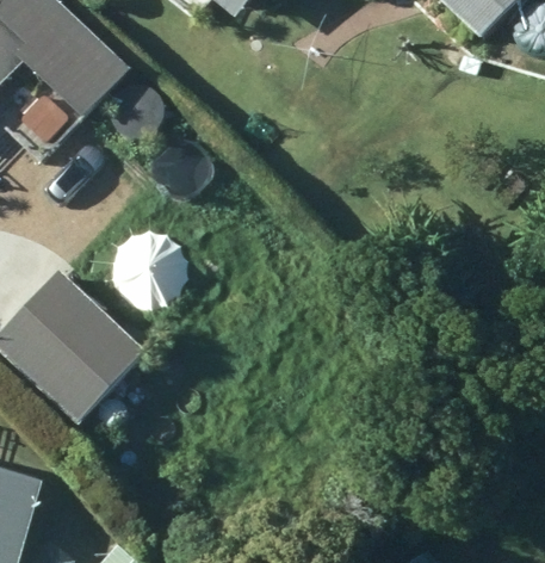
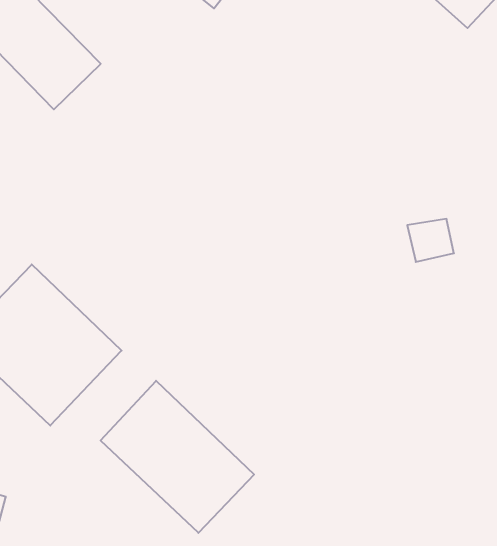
building: none -> [101,381,254,533]

